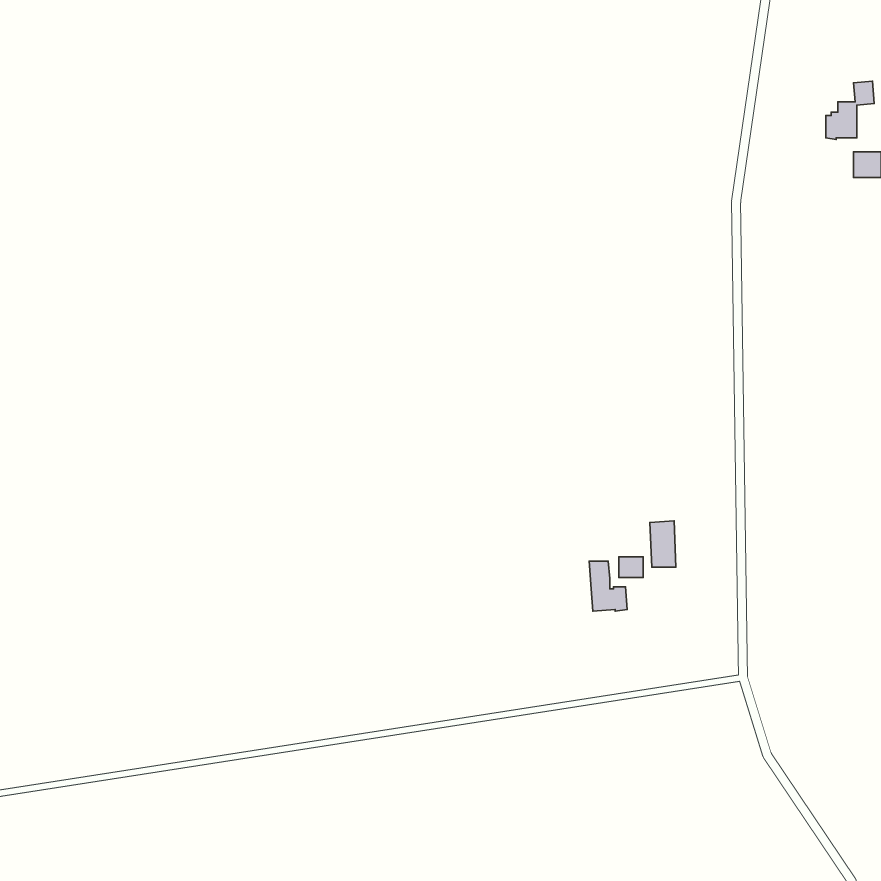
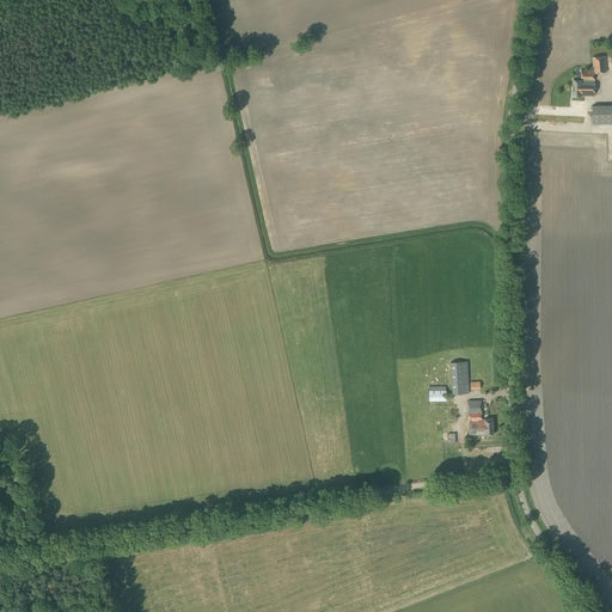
building: [589,561,627,611] -> [467,400,494,435]

